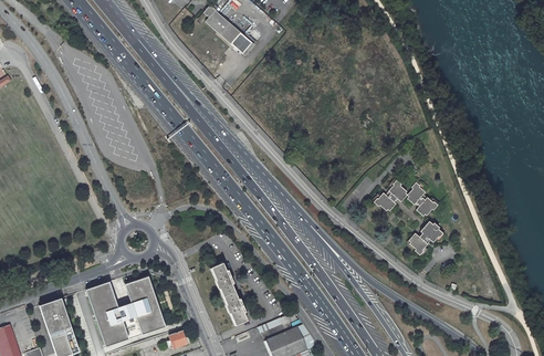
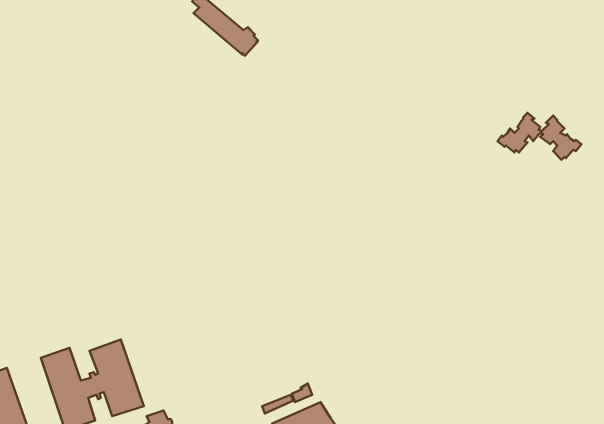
building: [373,179,438,216] -> [497,113,582,160]
building: [408,220,442,254] -> none
building: [210,261,247,324] -> none

